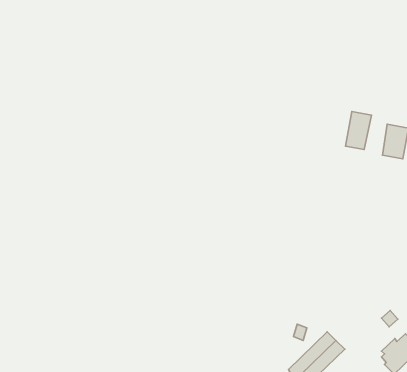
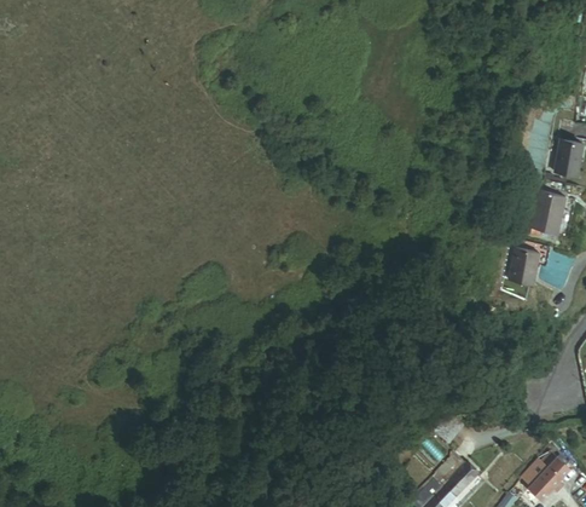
building: [345,111,371,150] -> none
building: none -> [515,252,545,289]

